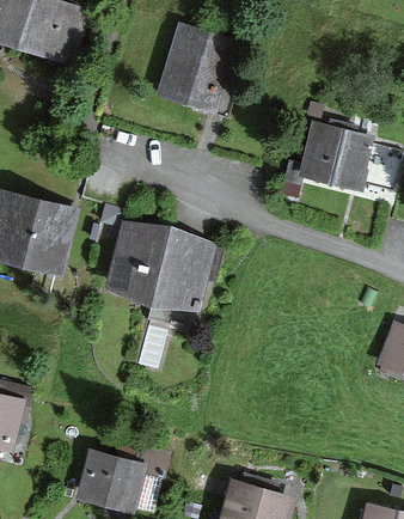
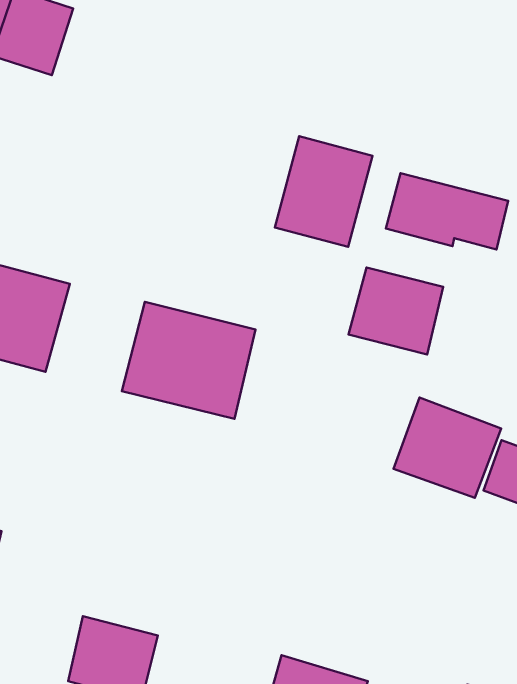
building: [159,25,231,106] -> [275,136,373,247]
building: none -> [349,268,443,355]
building: none -> [393,397,501,498]

